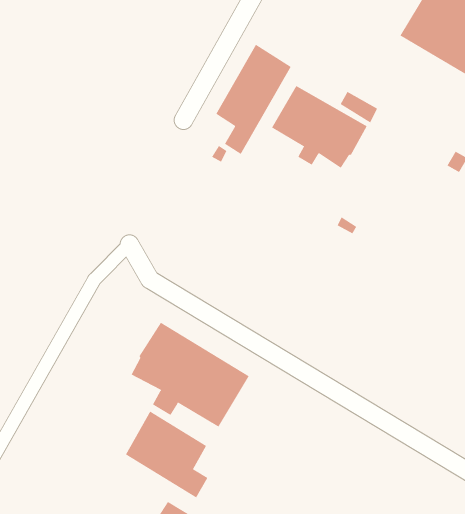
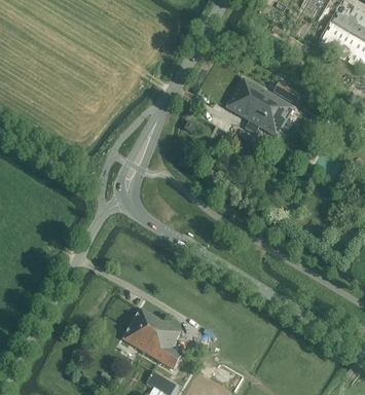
building: [216,44,291,155] -> none
building: [131,322,249,427] -> none

